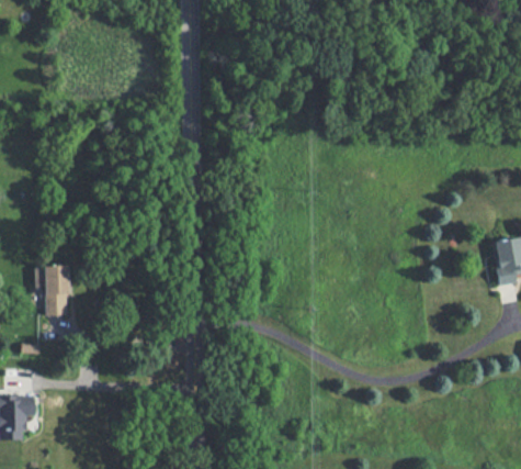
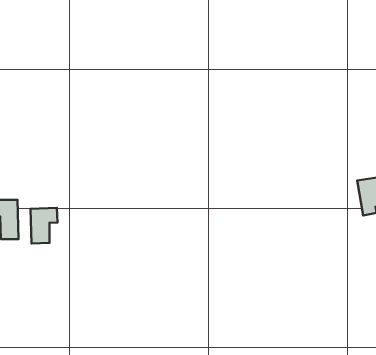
building: none -> [31,208,57,244]

